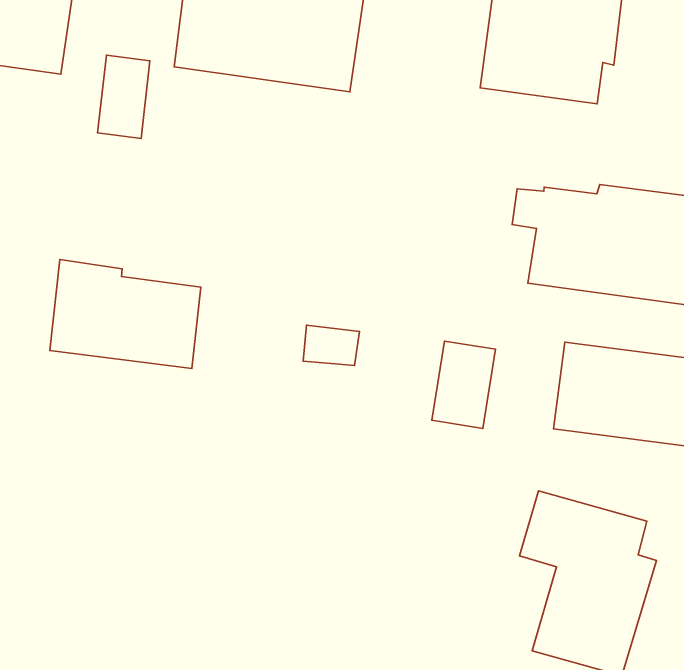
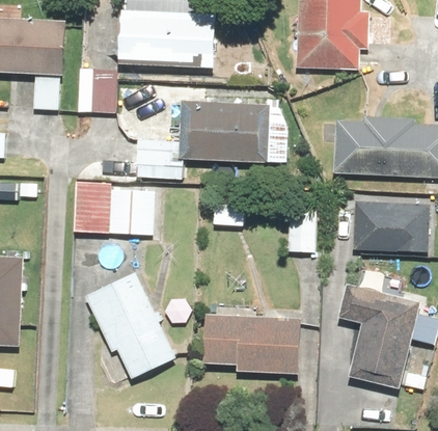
building: none -> [136,100,271,178]
building: none -> [85,269,175,377]
building: none -> [203,299,302,370]

